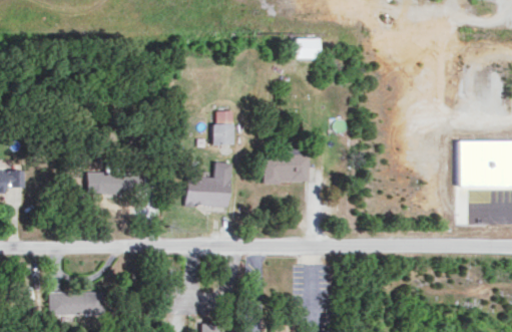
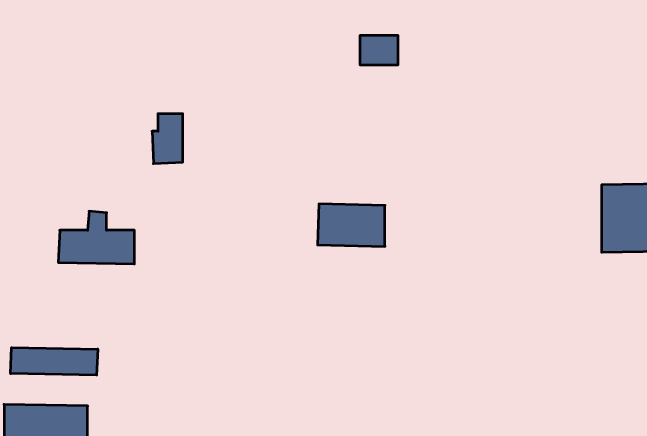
building: [211,111,232,145] -> [152,114,183,164]
building: [185,163,231,208] -> none
building: none -> [11,348,98,375]

